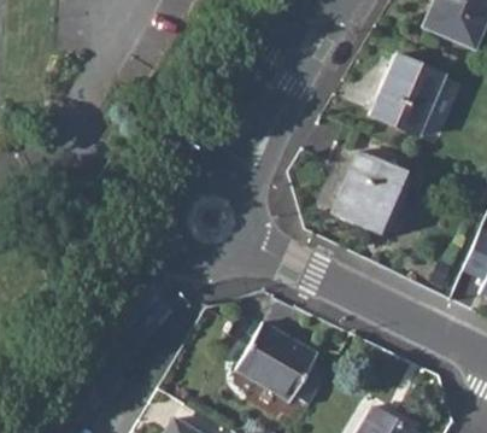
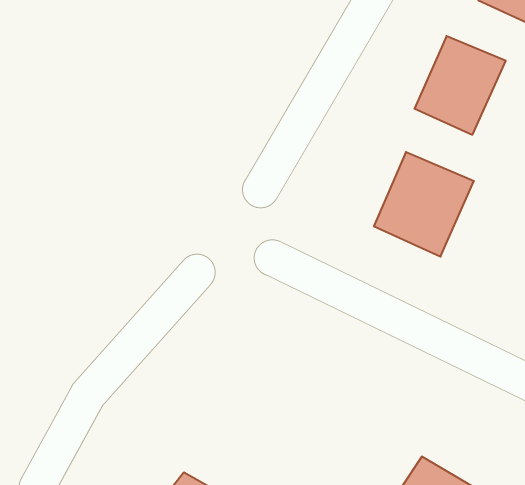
building: [235,321,329,404] -> none

